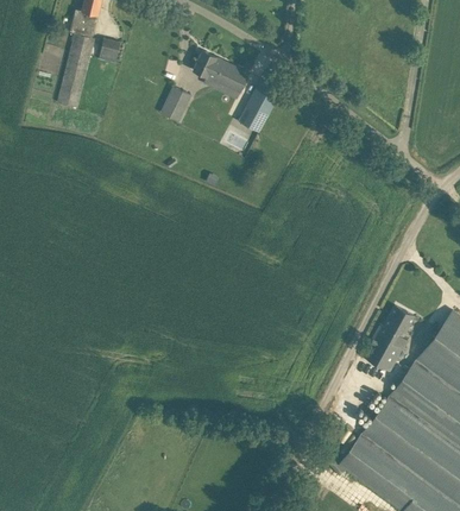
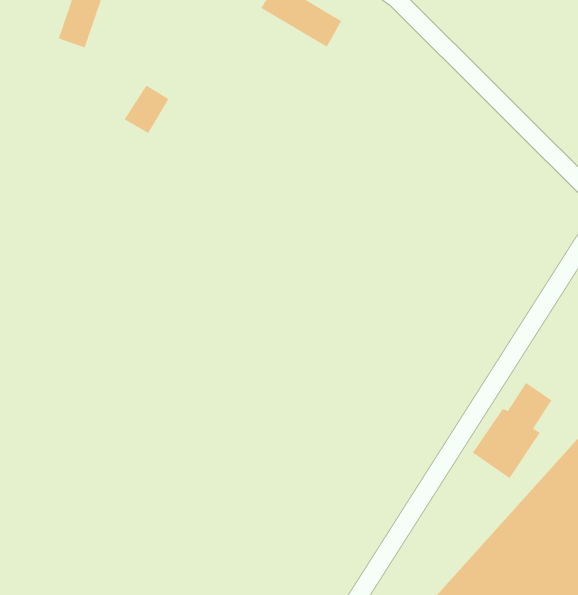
building: [238,80,282,133] -> none
building: [160,88,190,121] -> [123,84,169,134]

